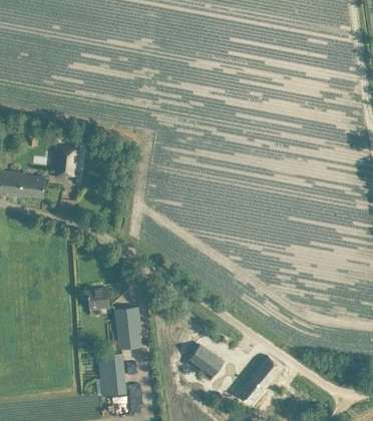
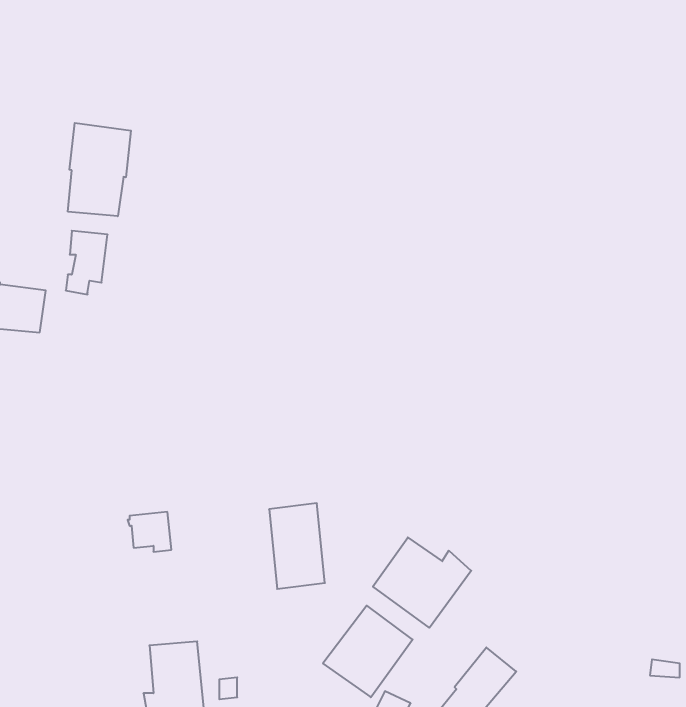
building: none -> [68,123,131,216]
building: none -> [373,537,471,628]
building: [114,308,142,351] -> [269,503,325,589]

